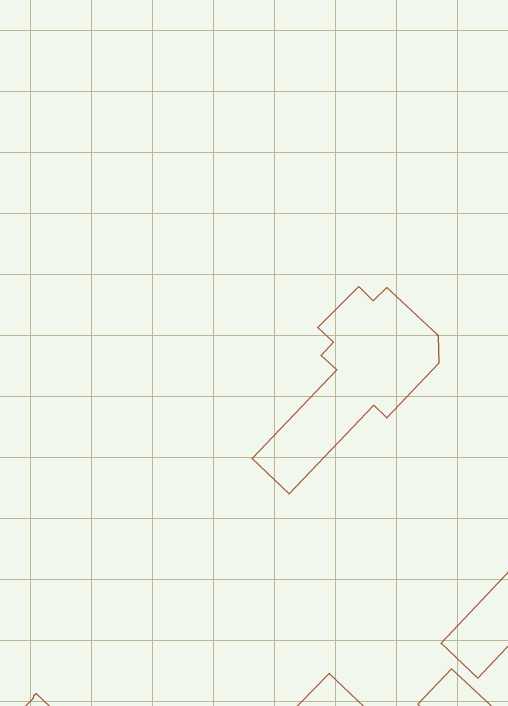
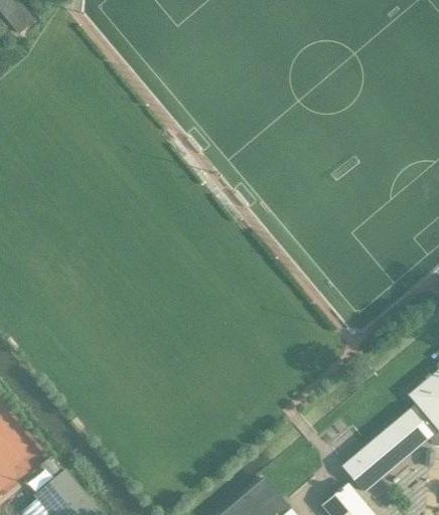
building: [252,287,439,494] -> none

